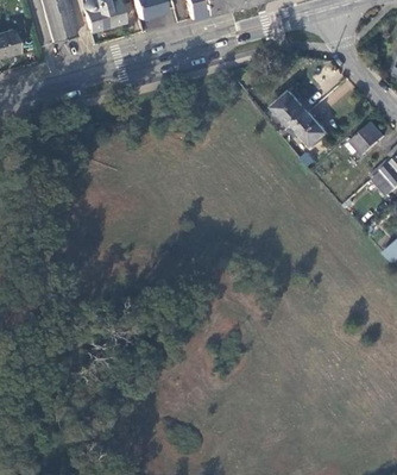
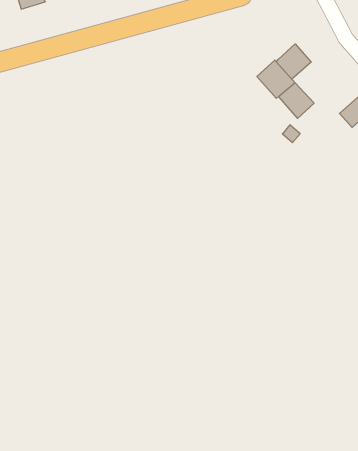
building: none -> [276,44,311,79]

